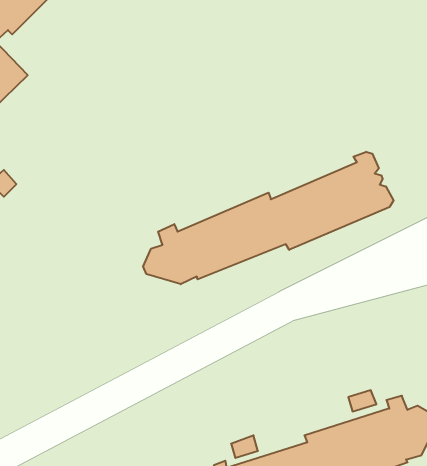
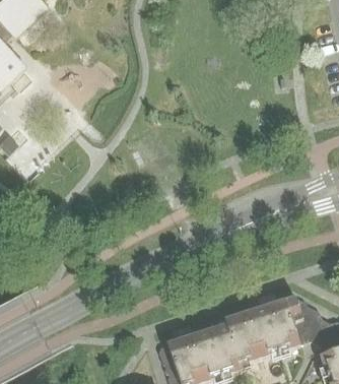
building: [143,152,394,284] -> none

